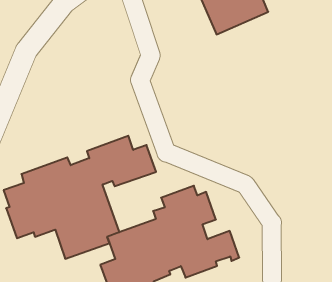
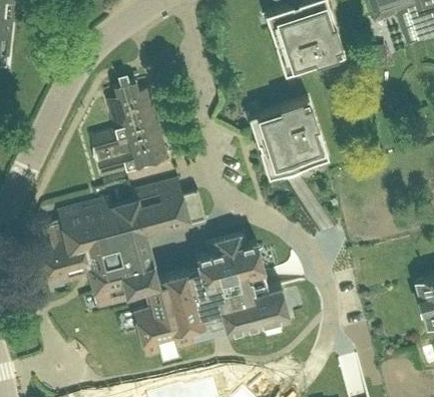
building: none -> [90,80,168,177]
building: none -> [250,98,329,177]

